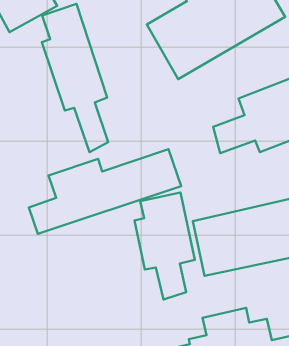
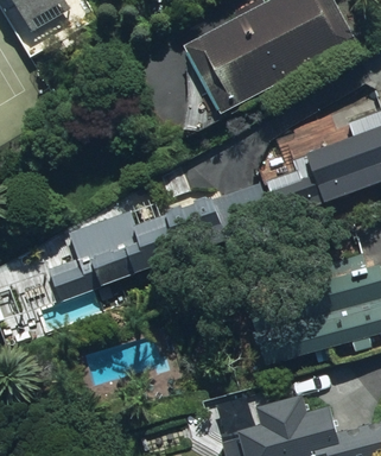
building: [42,4,108,152] -> none
building: [134,192,195,300] -> none

